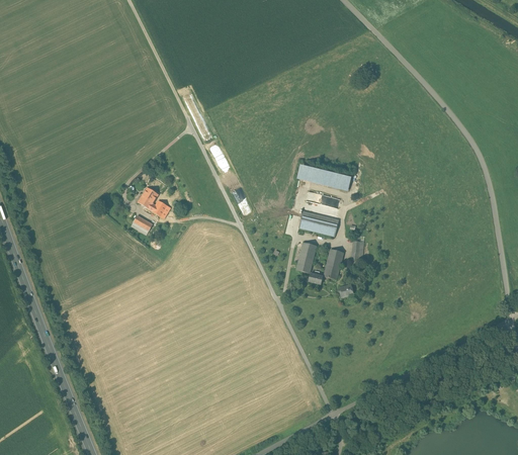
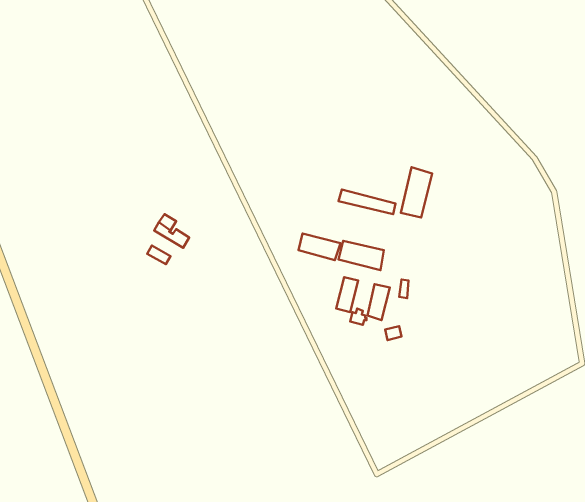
building: none -> [401,167,432,218]
building: none -> [298,234,340,260]

